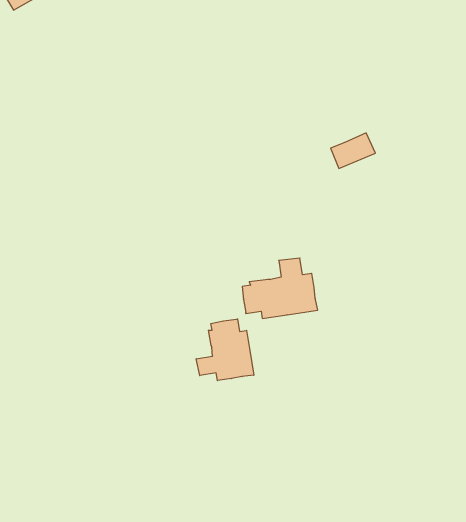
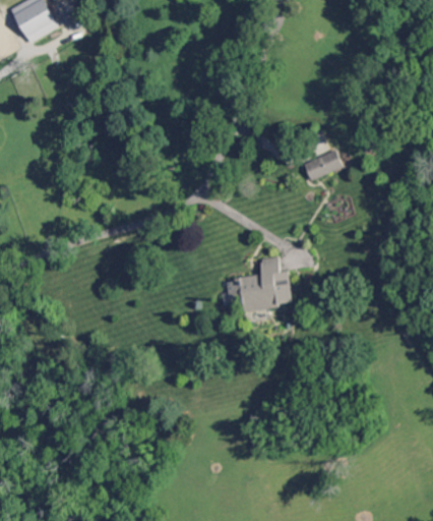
building: [196,319,254,381] -> none

